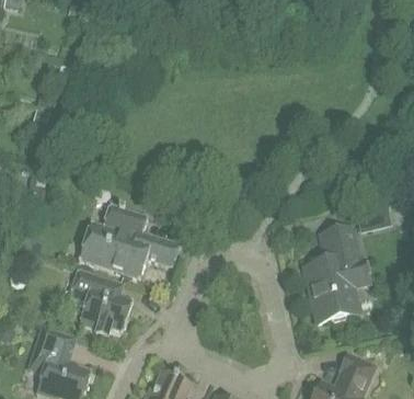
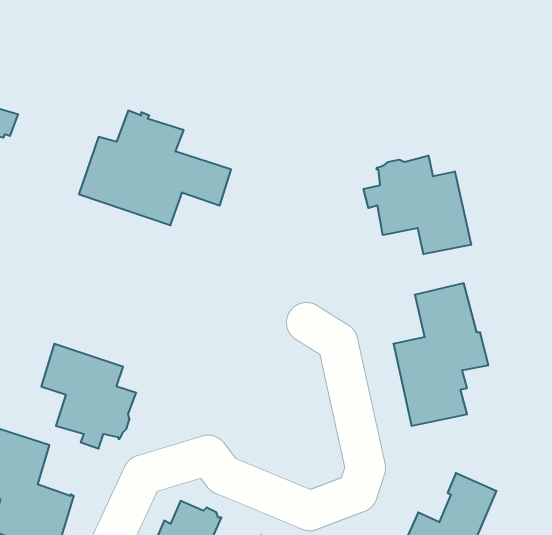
building: none -> [364,155,471,254]
building: [78,202,180,278] -> [79,111,231,225]

